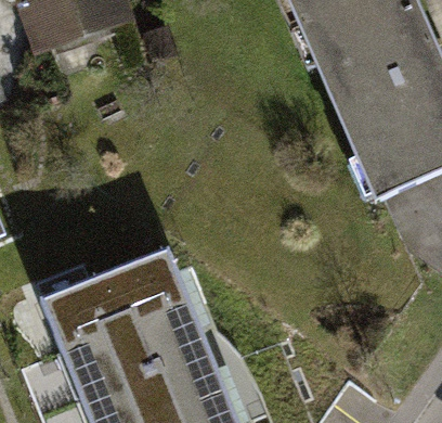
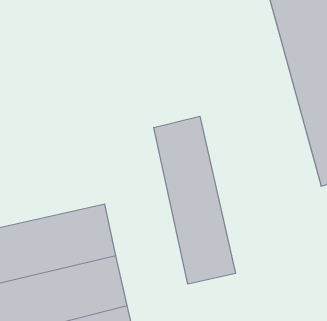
building: none -> [154,116,235,284]

